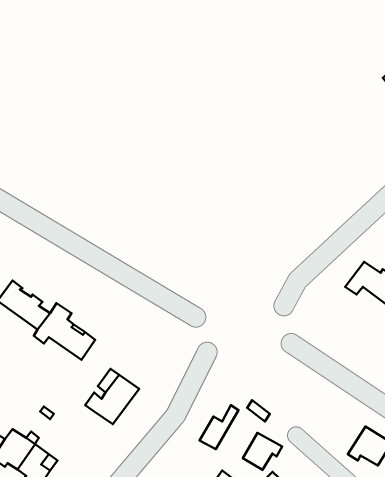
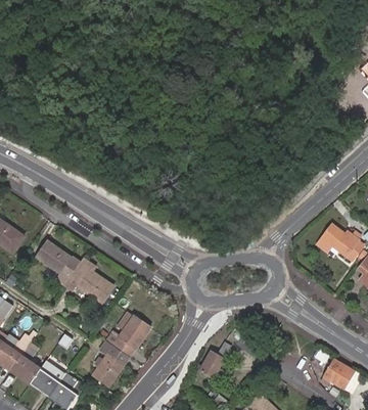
building: none -> [93,340,129,386]
building: [243,433,282,470] -> none

